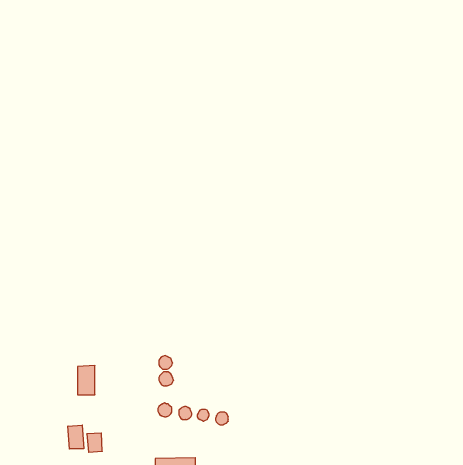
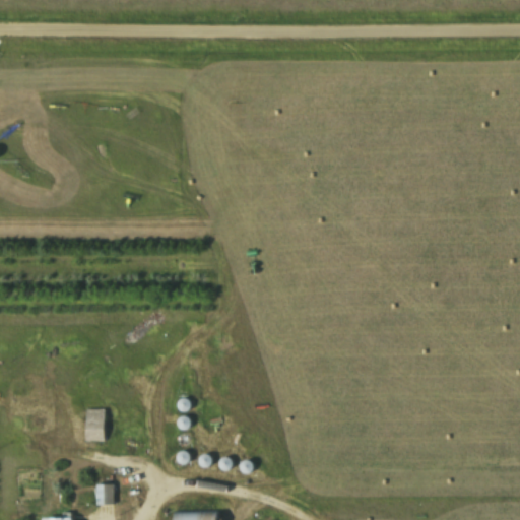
building: [68,425,84,449] -> none

